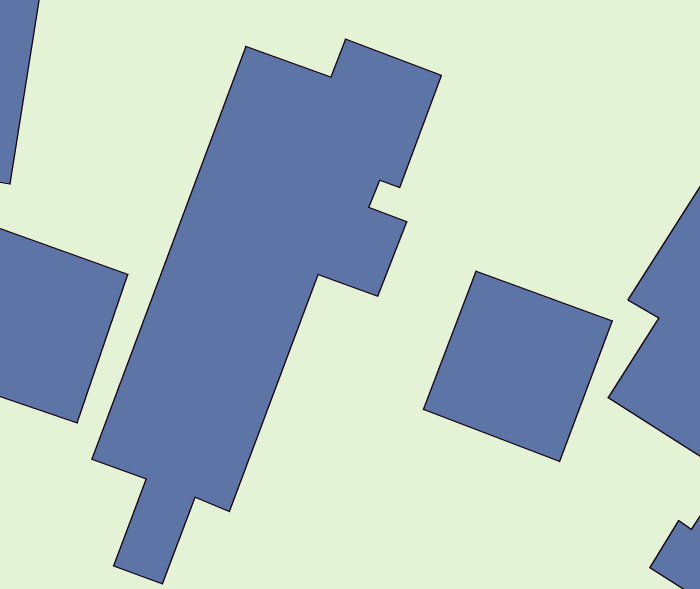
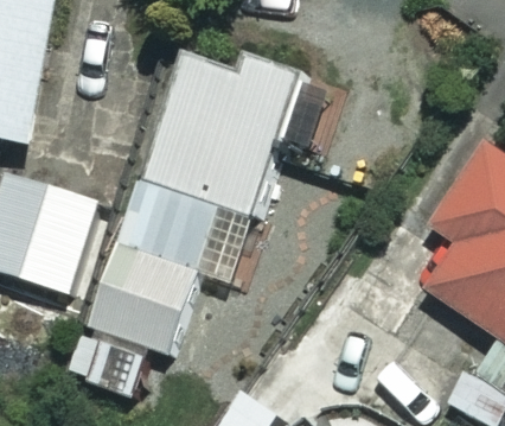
building: [423,271,612,462] -> none

